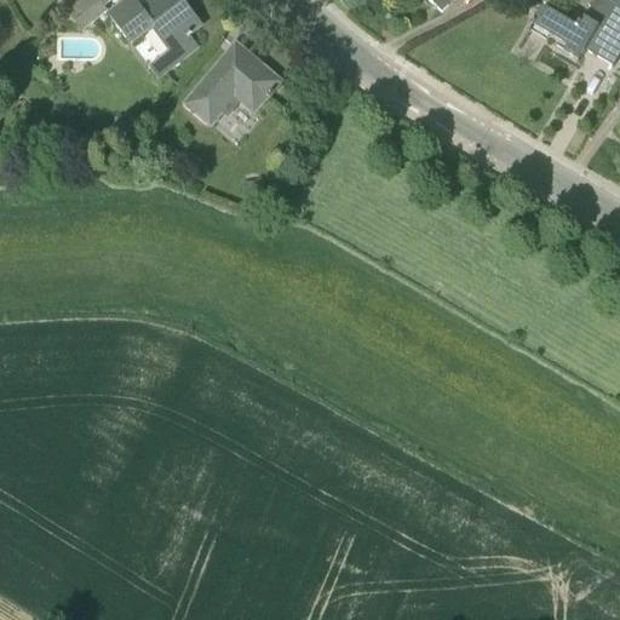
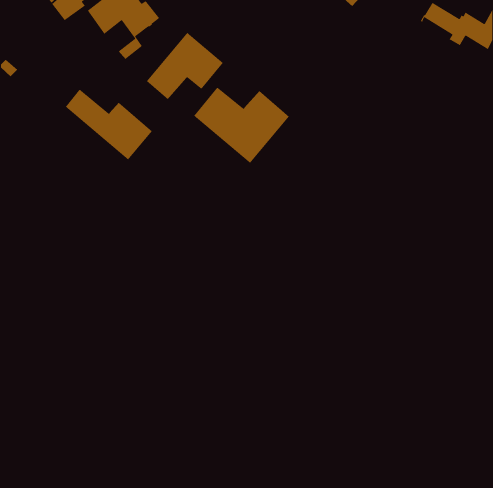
building: none -> [193,86,290,164]
building: none -> [65,89,153,160]

